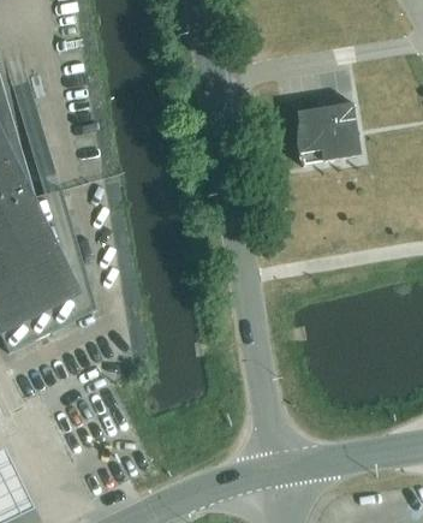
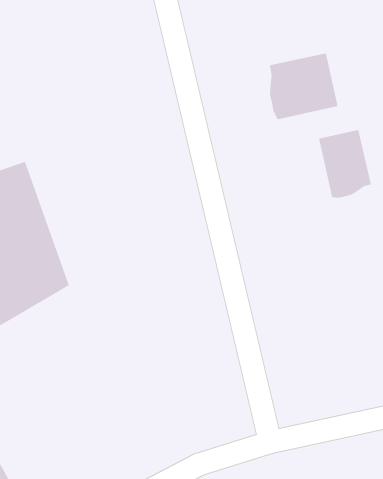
building: none -> [318,129,372,198]

